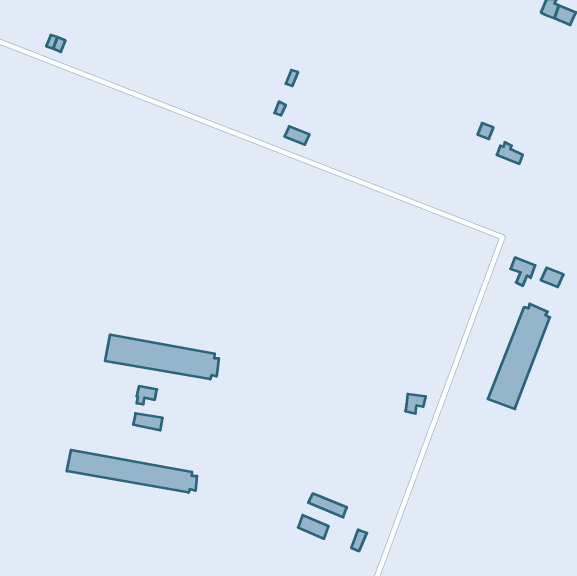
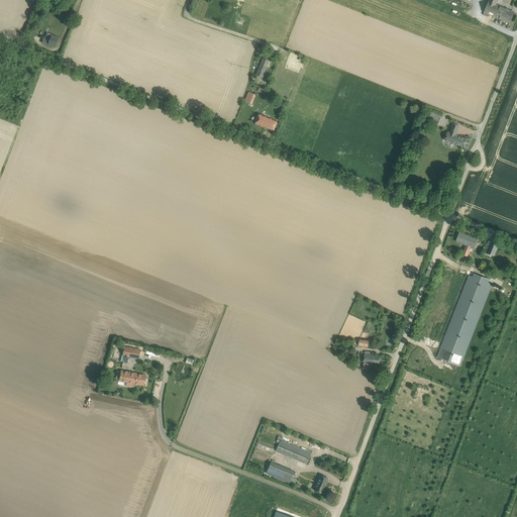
building: [105,335,219,379] -> none
building: [67,450,197,493] -> none

